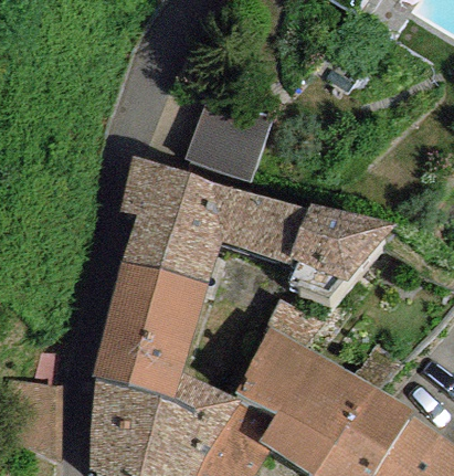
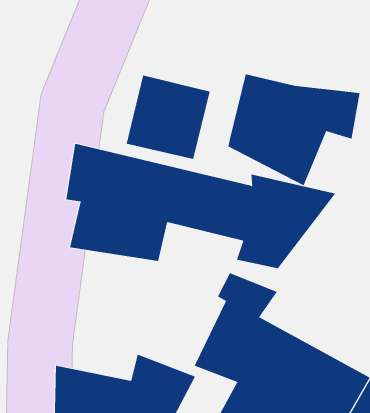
building: none -> [228,74,360,186]
building: [92,262,211,401] -> none

